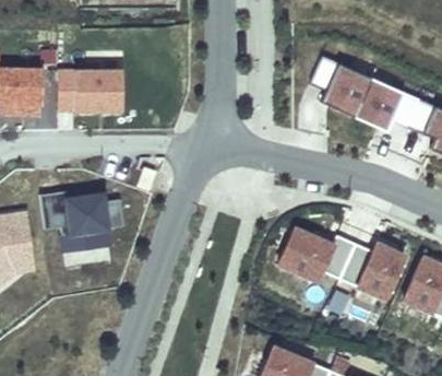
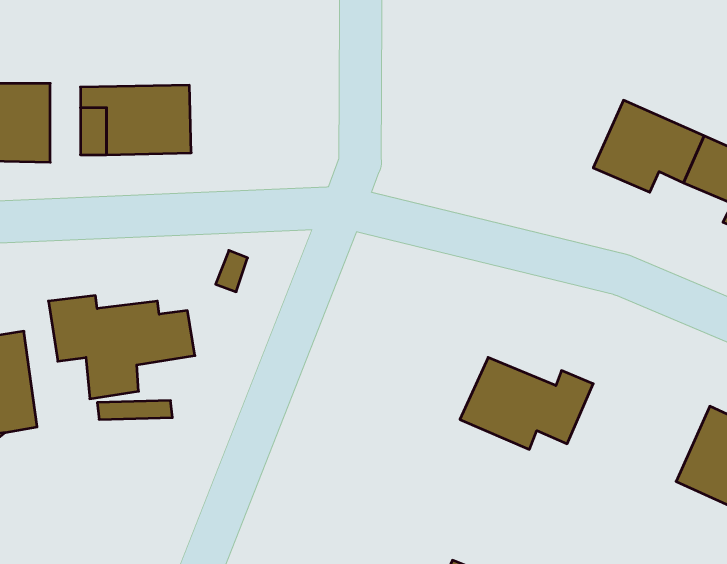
building: [311,56,373,117] -> none
building: [341,243,405,298] -> none

